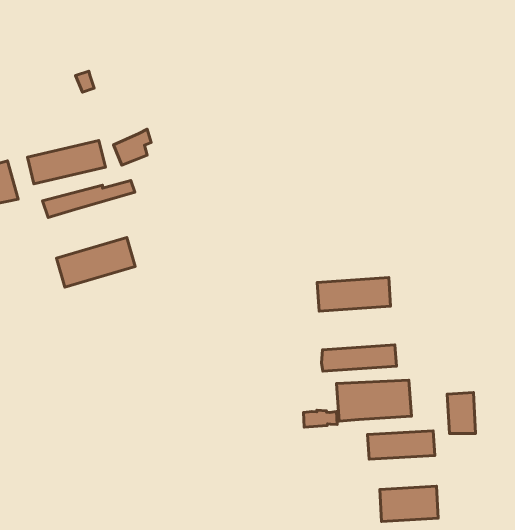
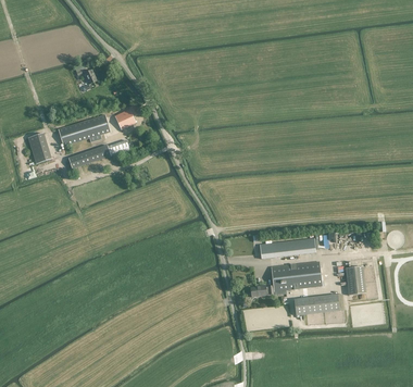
building: [57,237,135,287] -> none
building: [317,277,391,311] -> none
building: [380,486,438,522] -> none

